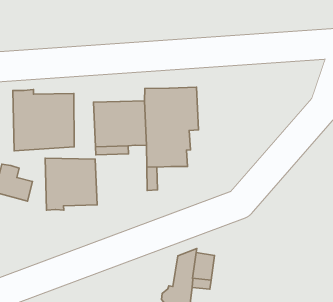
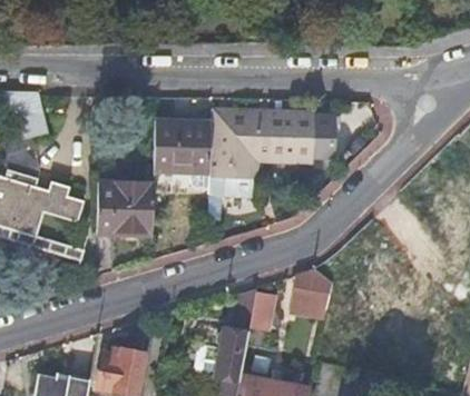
building: none -> [267,111,334,160]
building: [13,90,74,151] -> none
building: none -> [288,270,333,319]

